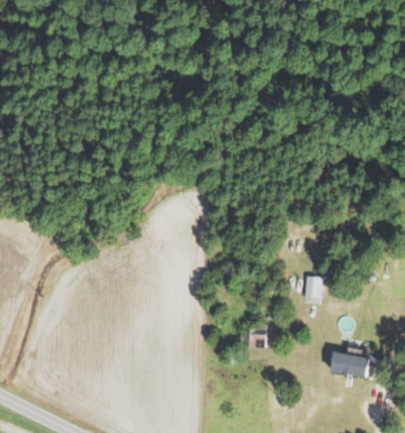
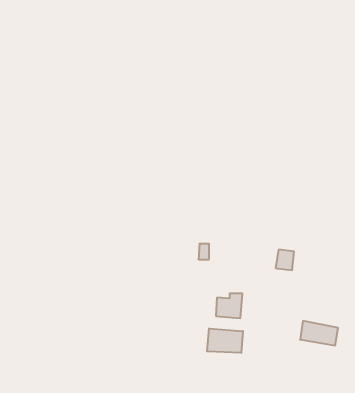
building: none -> [207,328,243,353]

